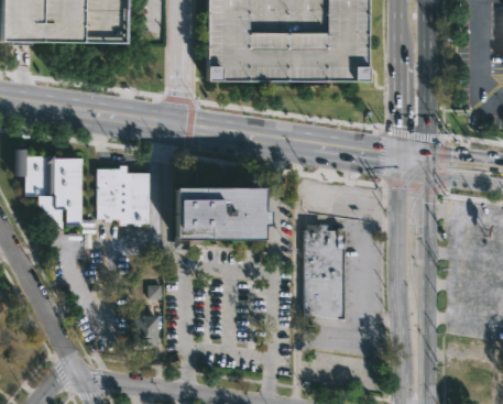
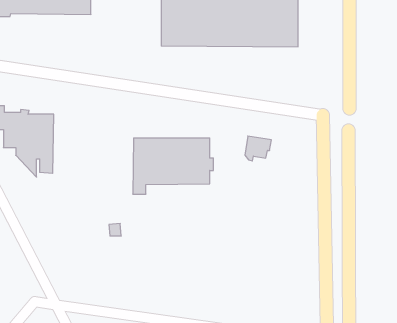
building: [96,164,149,225] -> none
building: [304,223,345,318] -> none
building: [133,314,157,345] -> none

